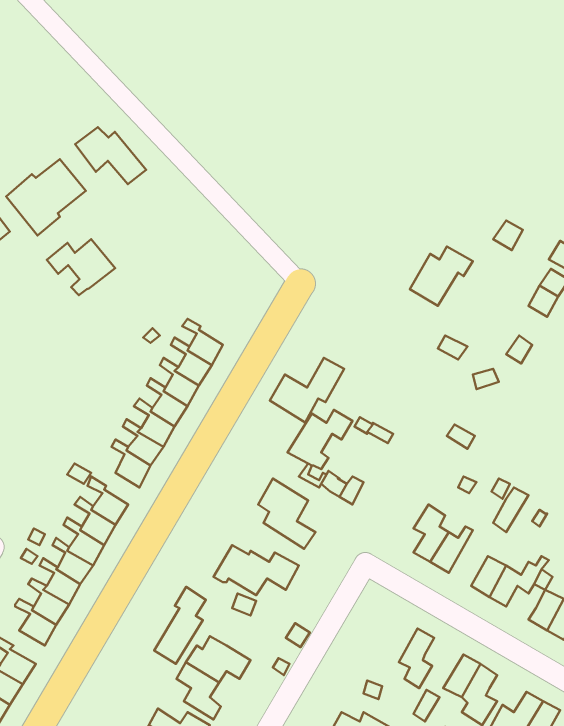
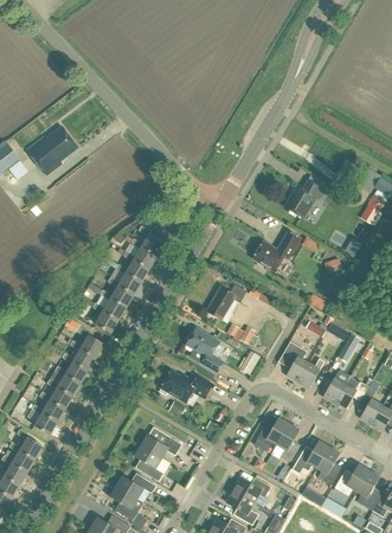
building: [75,127,146,184] -> none
building: [47,239,115,295] -> none
building: [270,358,344,423] -> [253,230,301,271]
building: [154,587,206,664] -> none
building: none -> [253,416,289,450]

